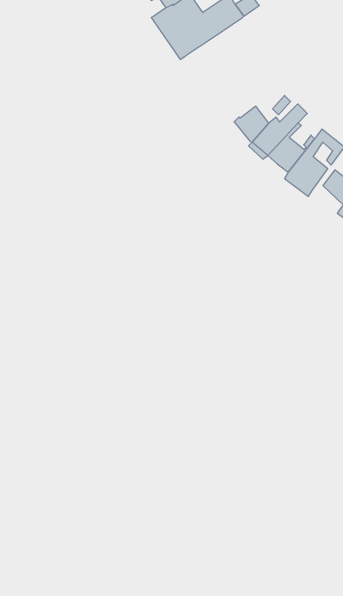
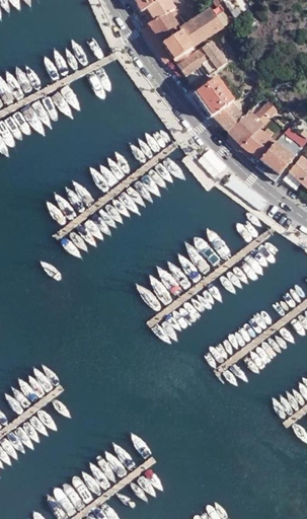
building: none -> [174,41,228,76]
building: none -> [198,75,237,116]

